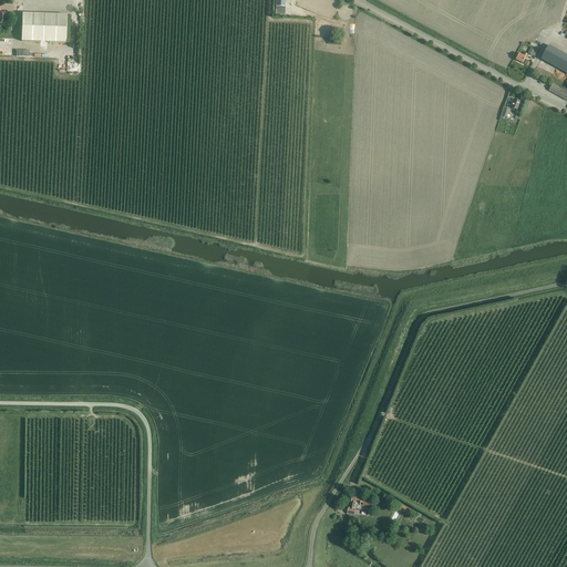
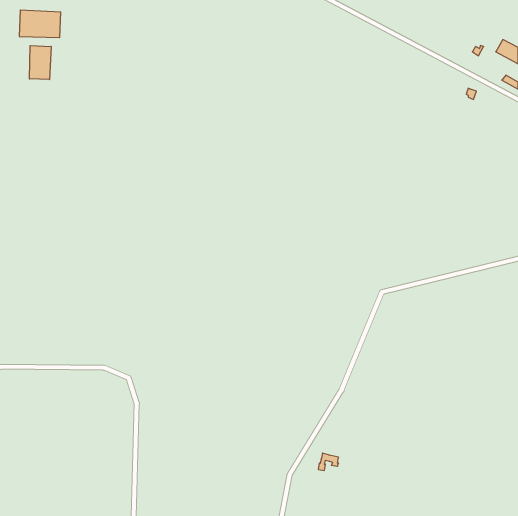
building: none -> [29,46,51,80]

